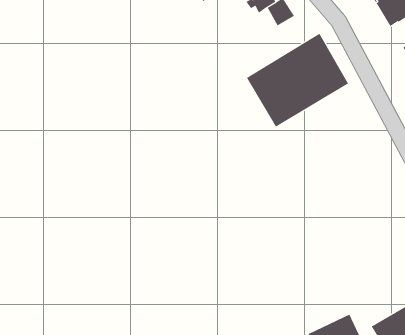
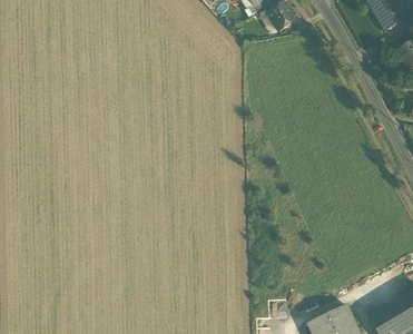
building: [246,33,349,128] -> none

